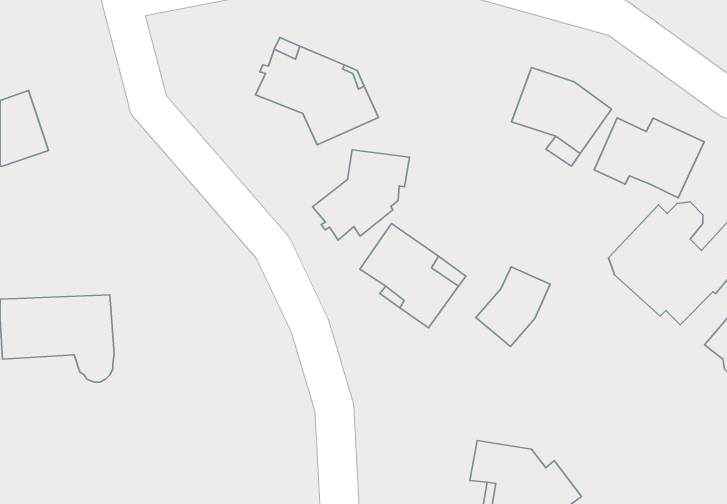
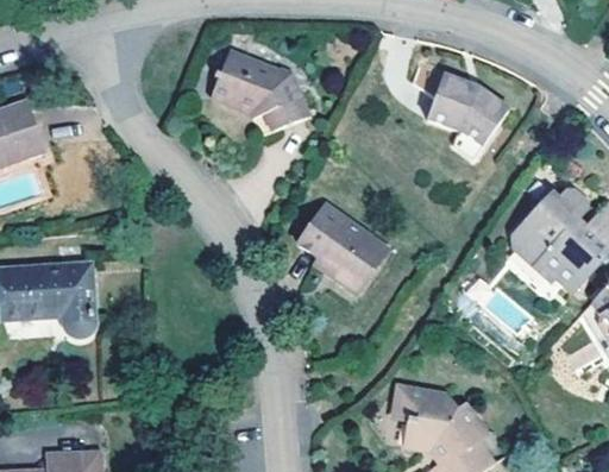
building: [594,118,704,198] -> none
building: [312,150,409,240] -> none
building: [476,267,550,346] -> none

